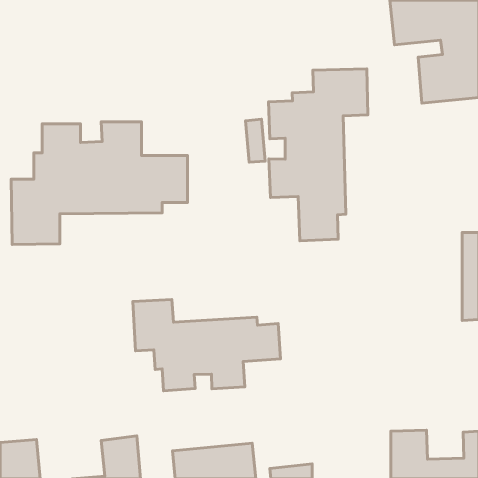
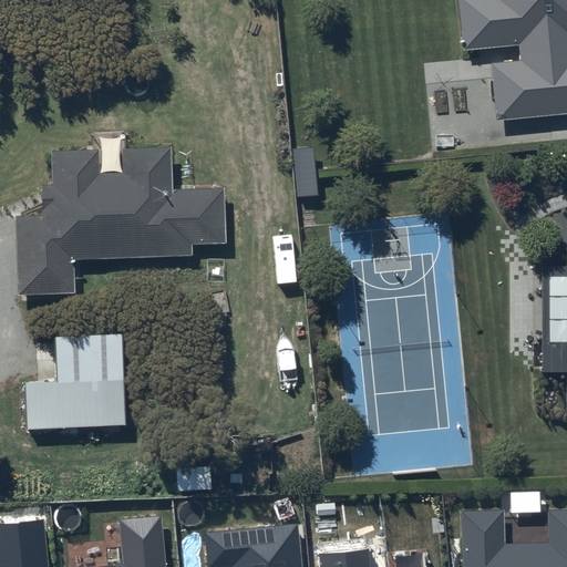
building: [268,69,368,241] -> none
building: none -> [27,336,127,431]
building: [133,300,281,391] -> none

